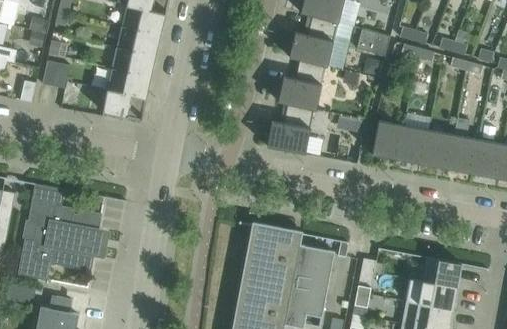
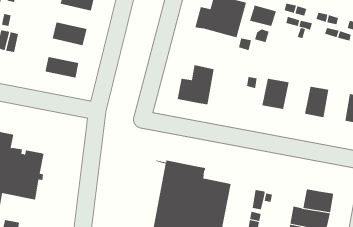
building: [116,28,160,59] -> none
building: [278,59,325,109] -> none
building: [106,71,150,101] -> none
building: [399,125,431,164] -> none
building: [449,134,480,173] -> none

